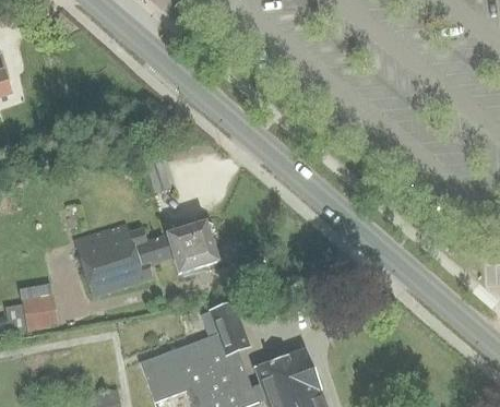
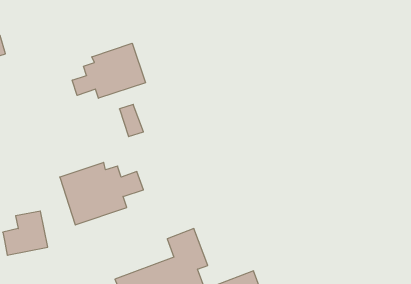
building: none -> [72,43,146,98]
building: [166,218,218,273] -> none

